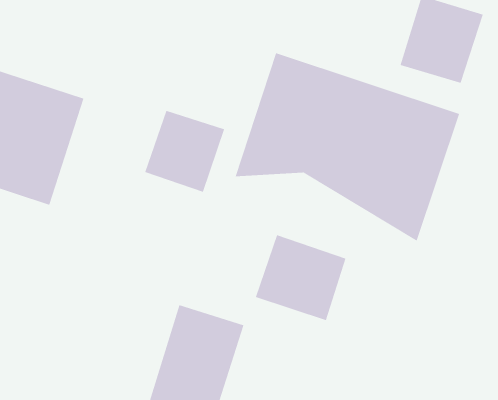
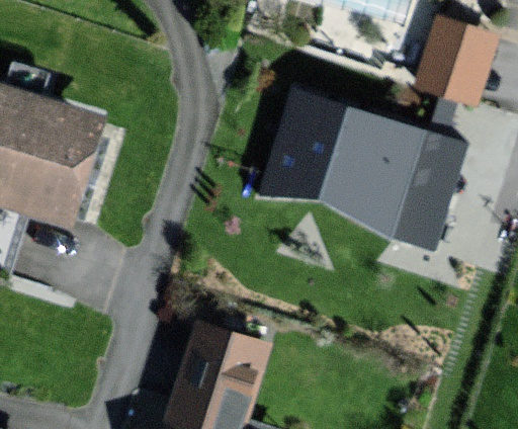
building: [144,110,225,193] -> none
building: [255,234,347,321] -> none

